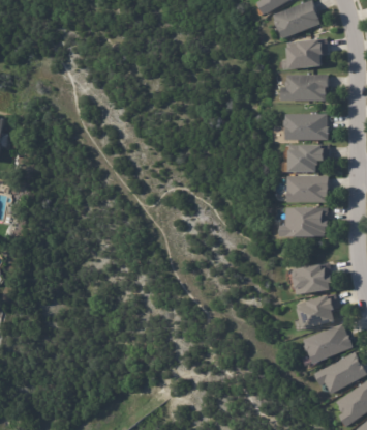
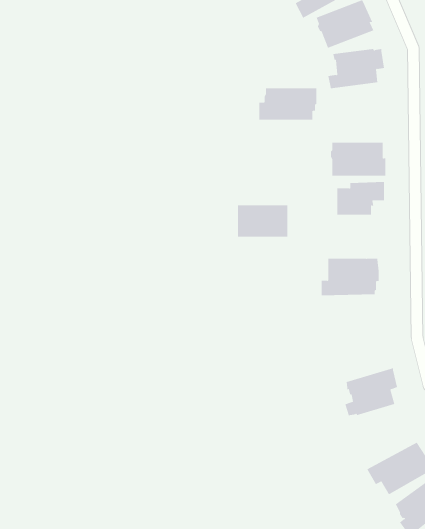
building: [283,76,330,102] -> [259,88,317,120]
building: [284,175,325,201] -> [237,205,288,237]
building: [289,261,330,293] -> none
building: [304,324,354,365] -> none

